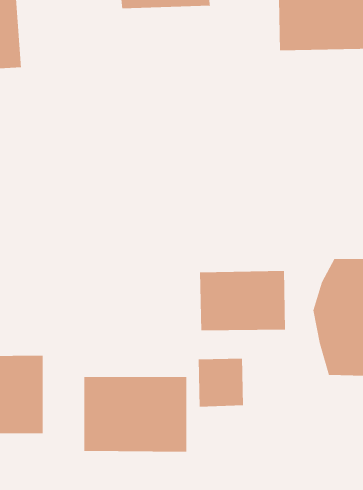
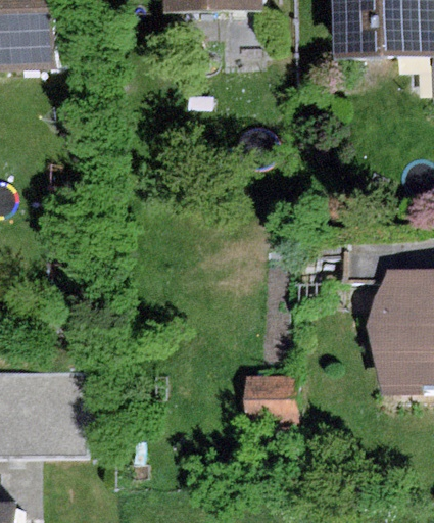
building: [199,270,286,331] -> none
building: [83,376,187,452] -> none

